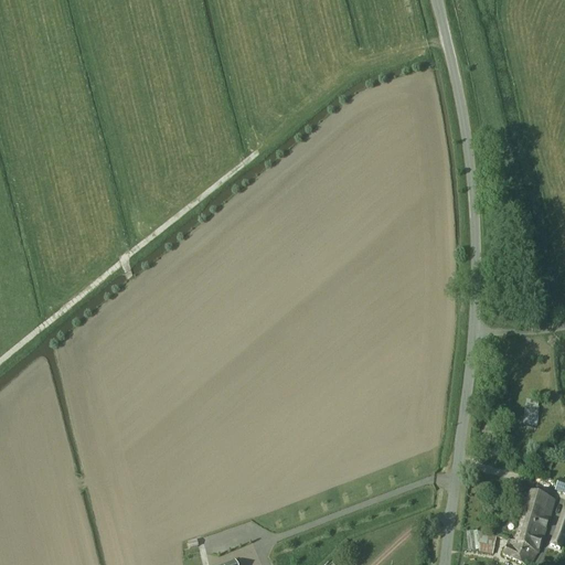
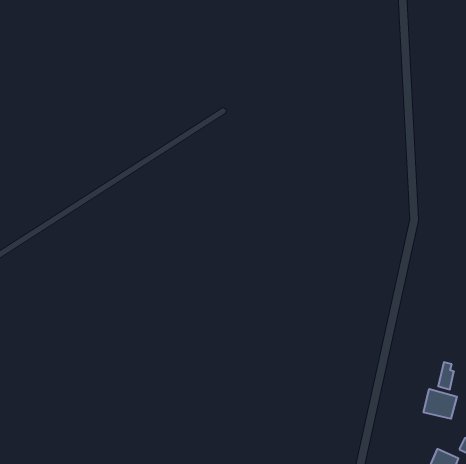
building: none -> [424,389,457,419]

